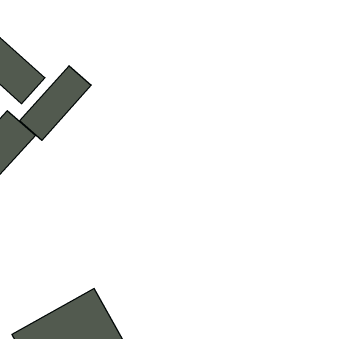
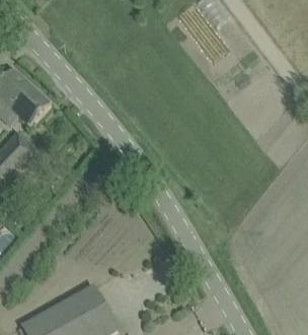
building: [20,66,91,140] -> none

